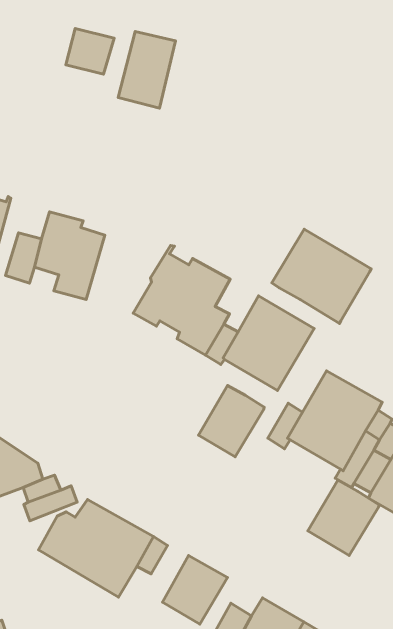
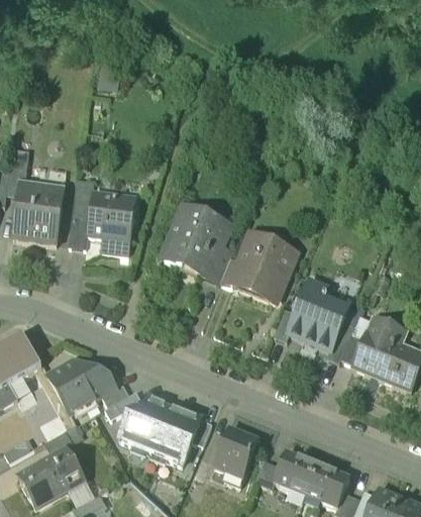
building: [118,32,176,108] -> none
building: none -> [72,179,94,213]
building: [272,229,371,324] -> none
building: [199,385,264,457] -> none
building: [308,480,379,555] -> none

